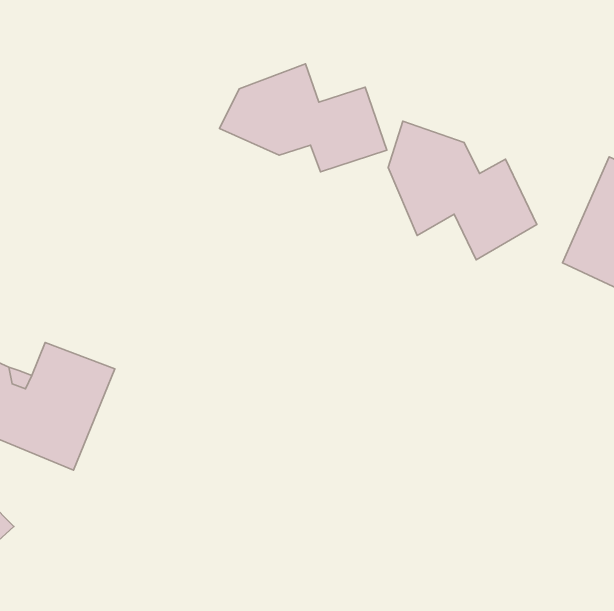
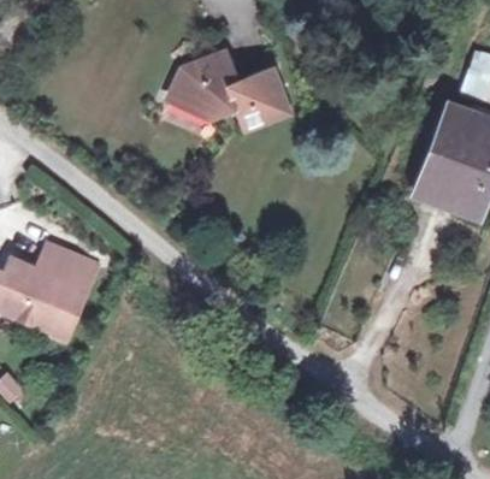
building: [388,121,537,260] -> none

